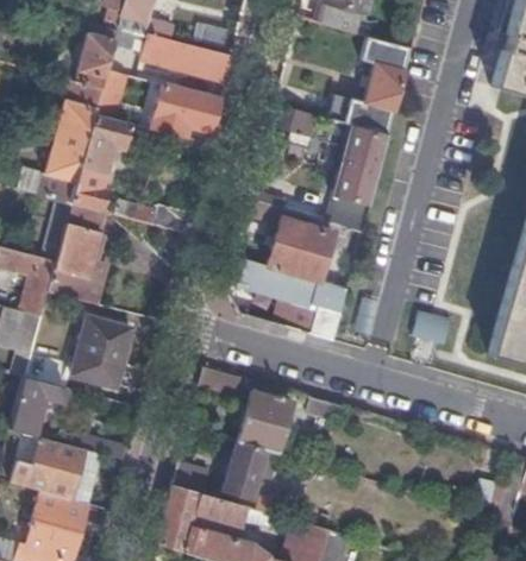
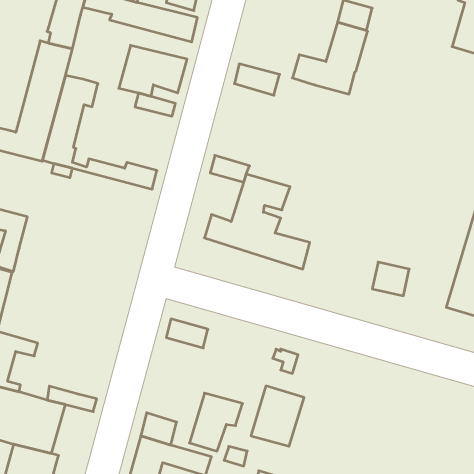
building: [95,55,138,120] -> none
building: [325,126,387,232] -> none
building: [48,225,100,298] -> none
building: [71,319,131,389] -> none
building: [238,391,293,453] -> [251,386,304,446]

